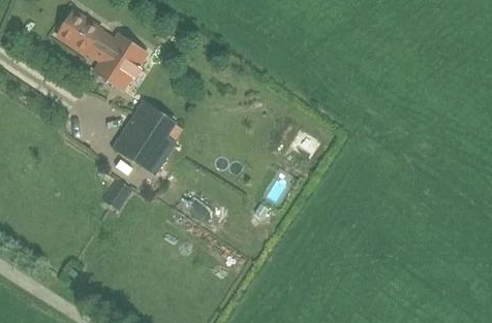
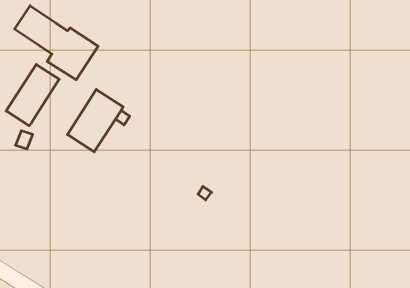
building: none -> [6,64,59,126]

